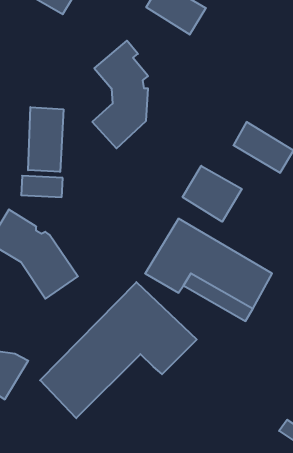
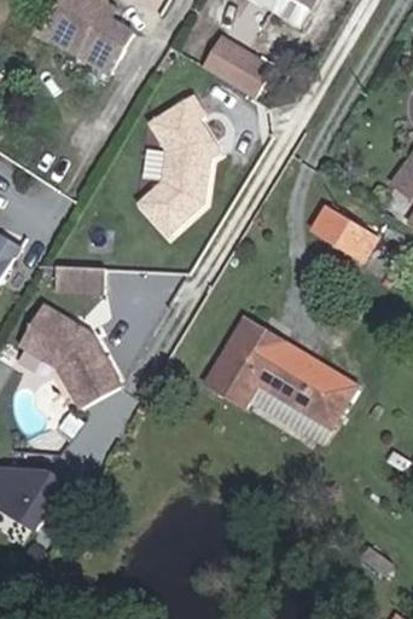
building: [28,107,63,172] -> none
building: [183,166,242,222] -> none
building: [40,282,197,418] -> none

